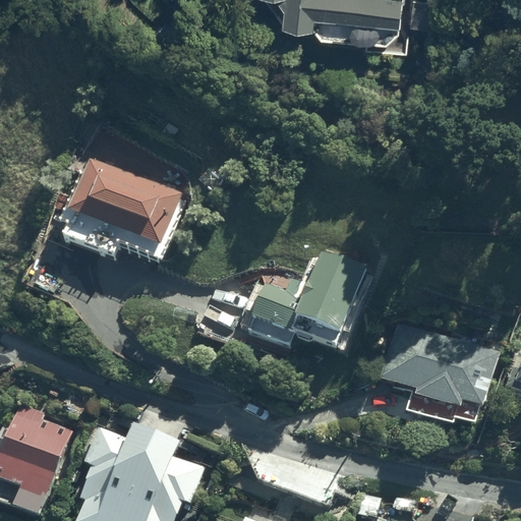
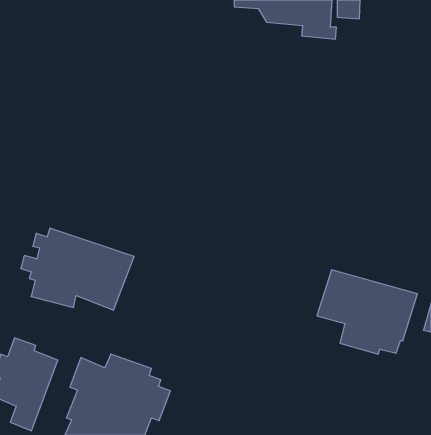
building: [50,160,185,257] -> [21,228,134,310]
building: [247,249,365,345] -> none

